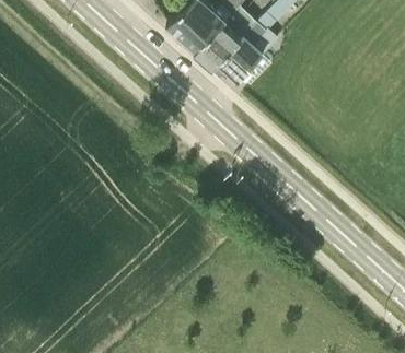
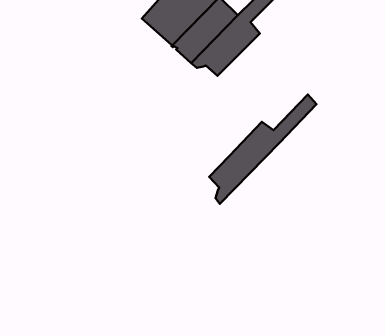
building: none -> [209,94,317,204]

